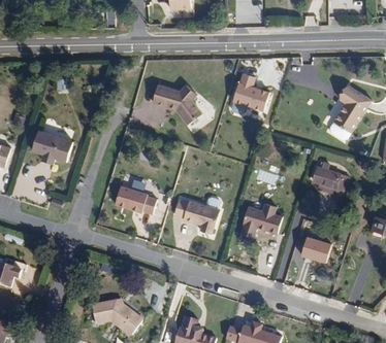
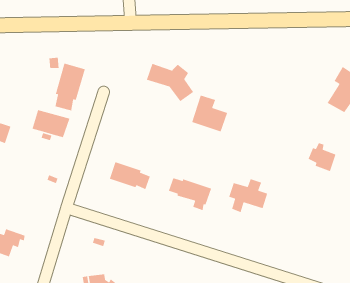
building: [227,71,265,110] -> [191,95,228,133]
building: none -> [55,62,86,112]
building: [297,235,329,262] -> none

